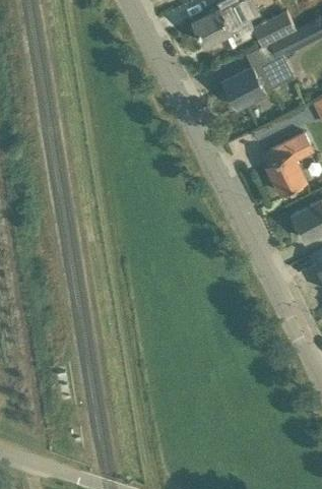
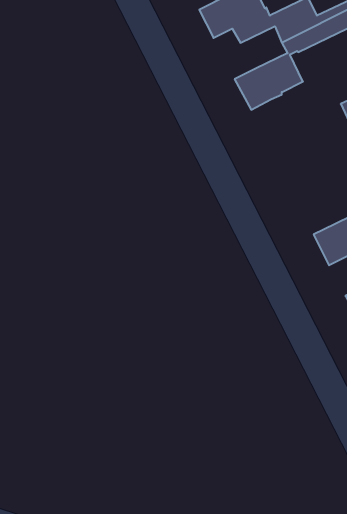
building: [262,134,313,195] -> none

